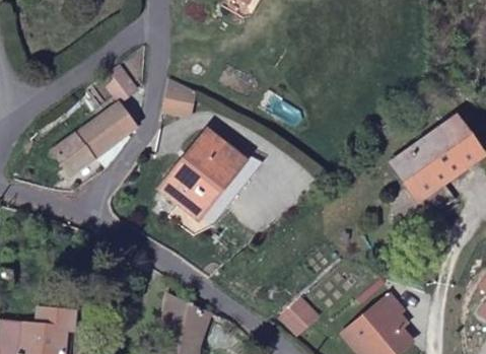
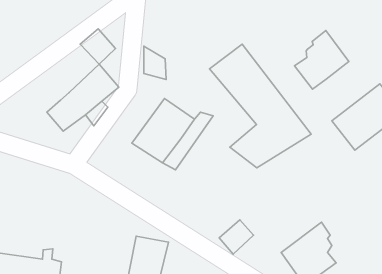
building: none -> [295,30,349,89]
building: none -> [209,44,311,168]

